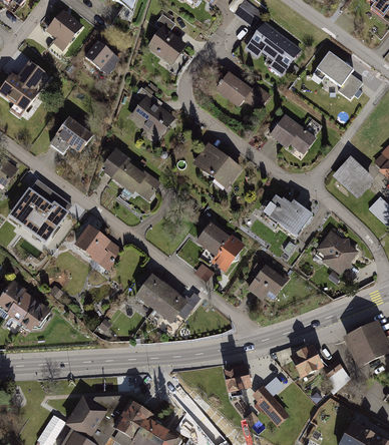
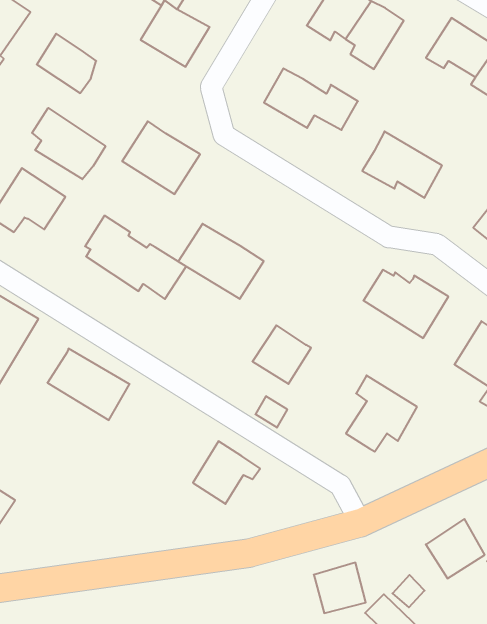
building: none -> [32,108,105,179]
building: [192,142,243,188] -> [178,224,264,299]
building: [212,235,246,272] -> none
building: [135,274,171,310] -> none

